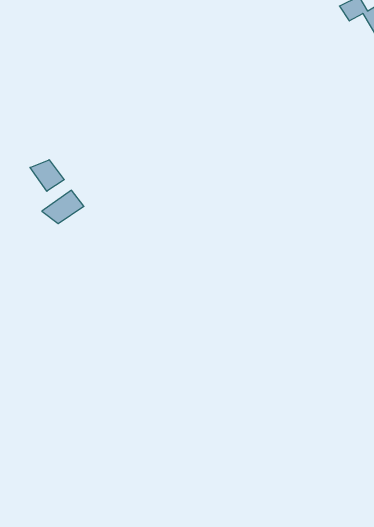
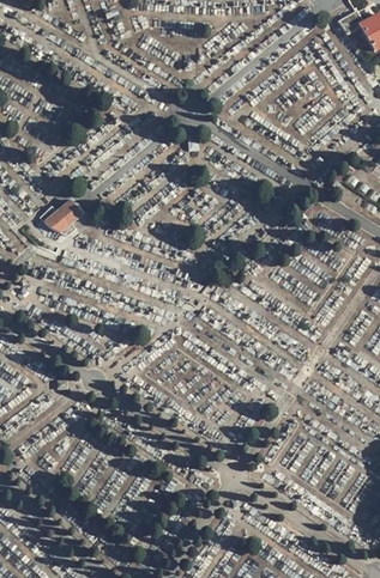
building: [30,160,64,191] -> none

